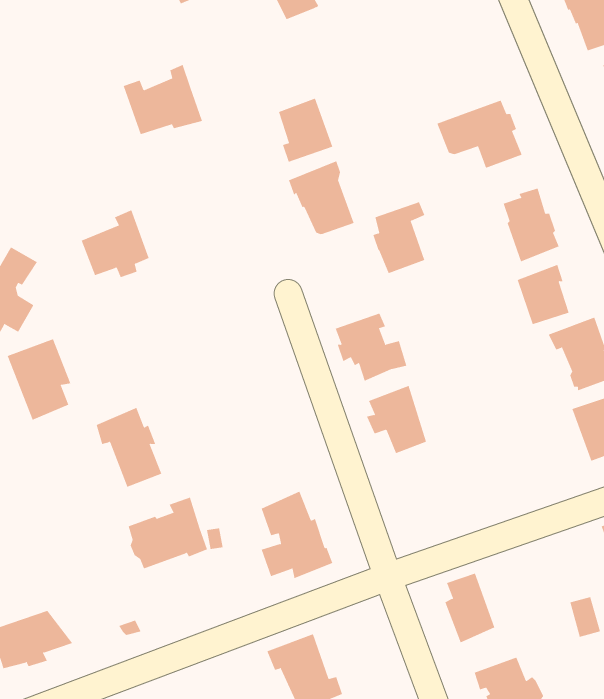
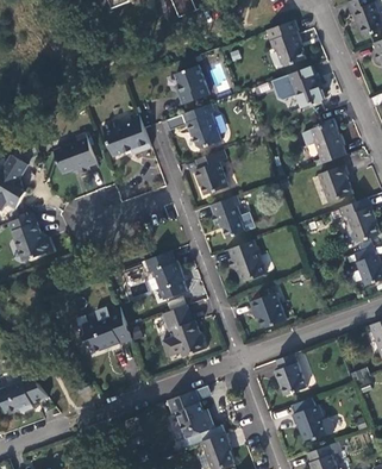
building: none -> [267,19,305,65]
building: [123,64,203,135] -> [101,113,150,156]
building: [373,202,425,274] -> [194,150,226,194]
building: [96,407,162,487] -> [145,250,186,299]
building: none -> [249,293,284,327]

